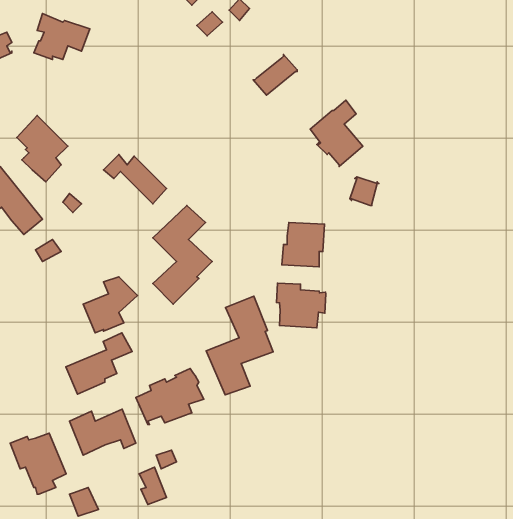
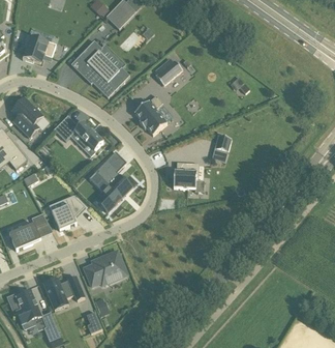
building: none -> [70,40,128,97]
building: [310,100,363,166] -> [134,94,166,135]
building: [276,283,326,328] -> none
building: [206,296,273,395] -> none
building: [66,333,132,394] -> [8,212,49,250]

